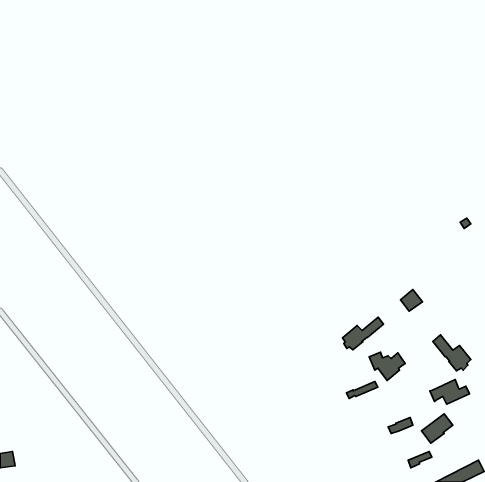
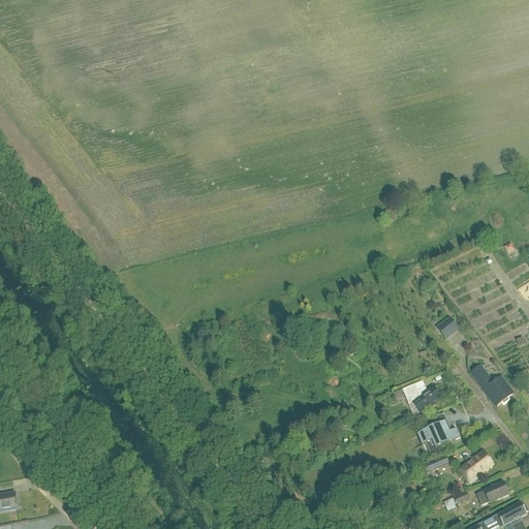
building: [343,317,383,350] -> none
building: [430,380,470,404] -> [417,421,461,447]
building: none -> [476,480,509,504]

